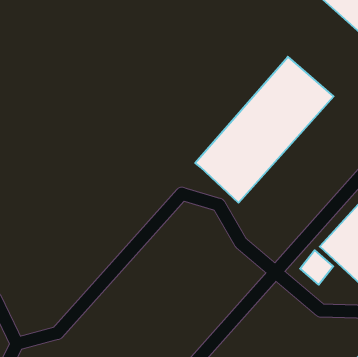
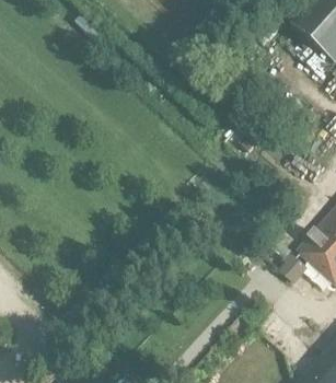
building: [195,57,334,203] -> none

